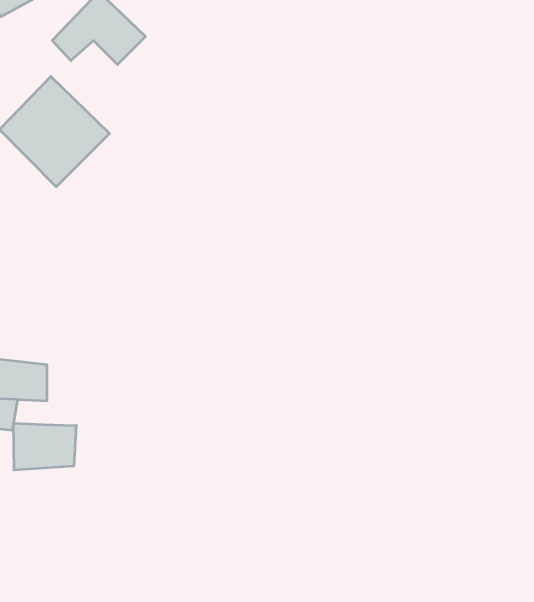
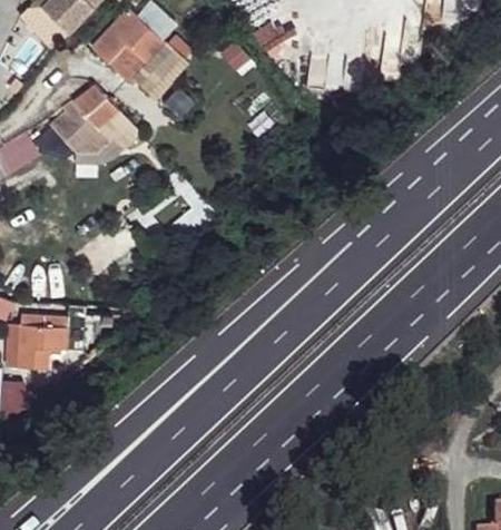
building: none -> [138,46,188,94]
building: [14,423,76,470] -> none

